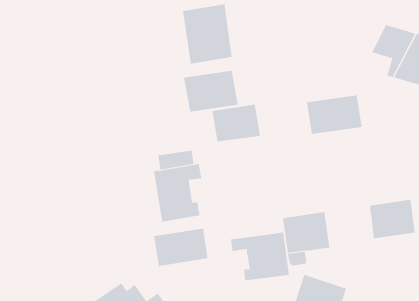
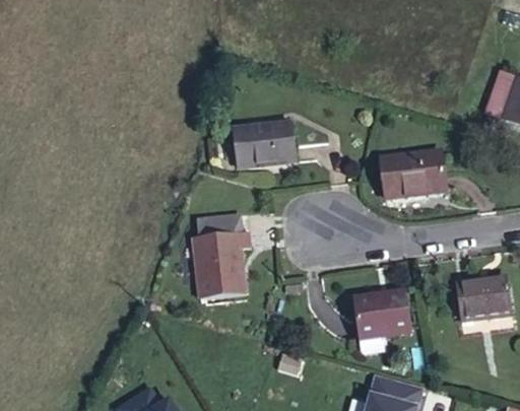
building: [182,4,232,64] -> none
building: [212,104,261,142] -> none
building: [153,228,208,267] -> none
building: [231,232,290,281] -> none

